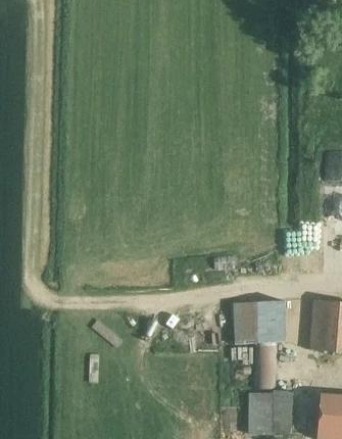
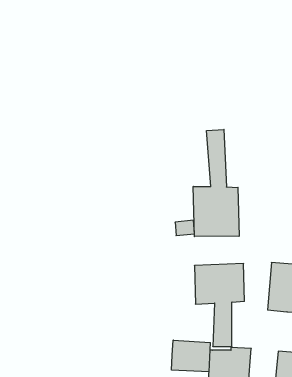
building: none -> [193,129,239,237]
building: none -> [172,340,210,372]

